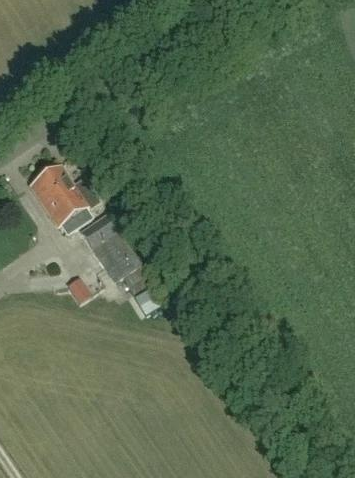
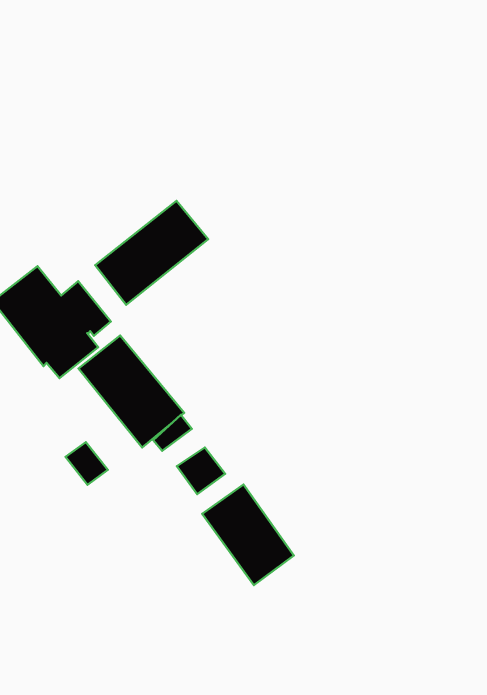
building: none -> [95,201,208,305]
building: none -> [202,484,294,585]

